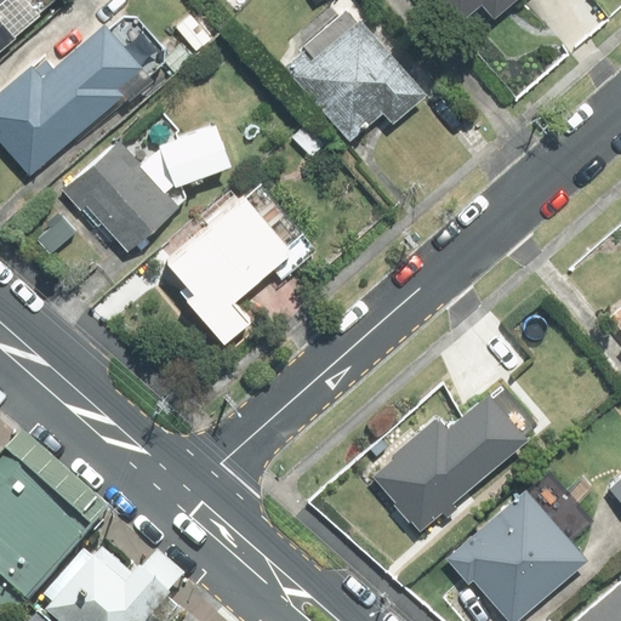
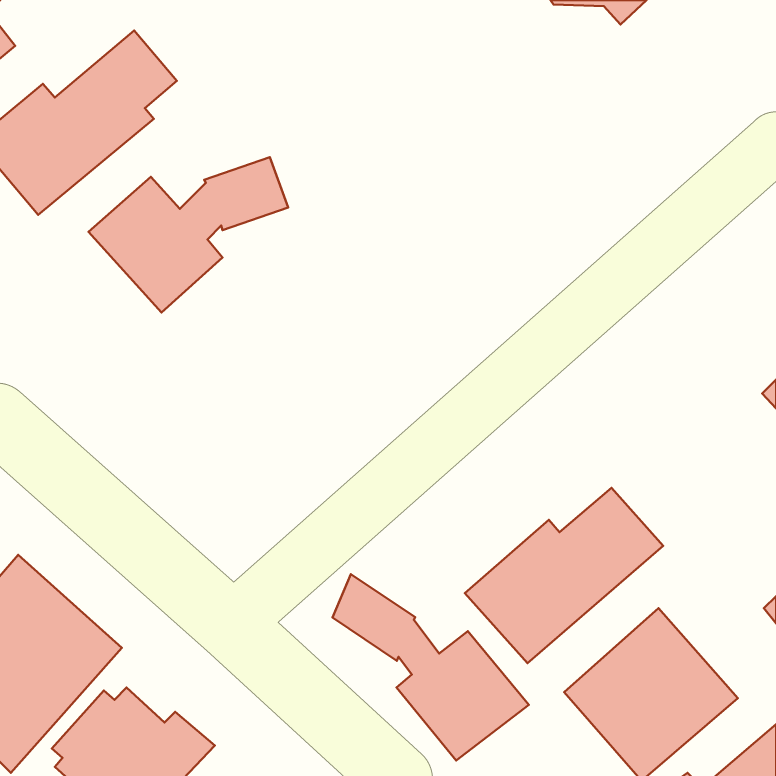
building: [289,24,423,139] -> none
building: [172,200,290,342] -> none
building: none -> [332,574,529,761]

